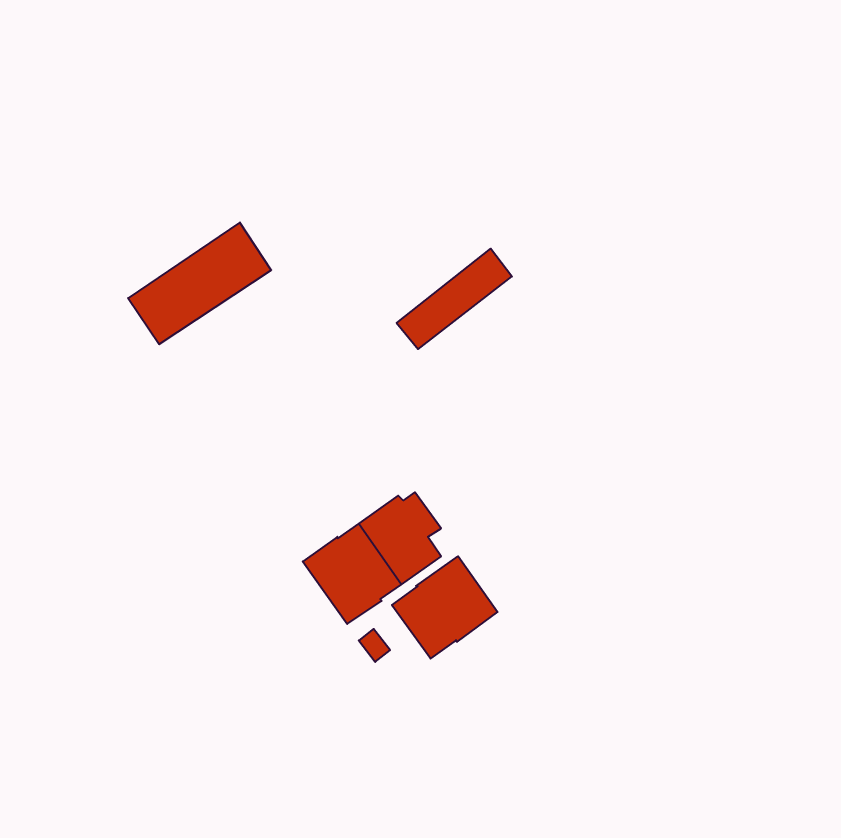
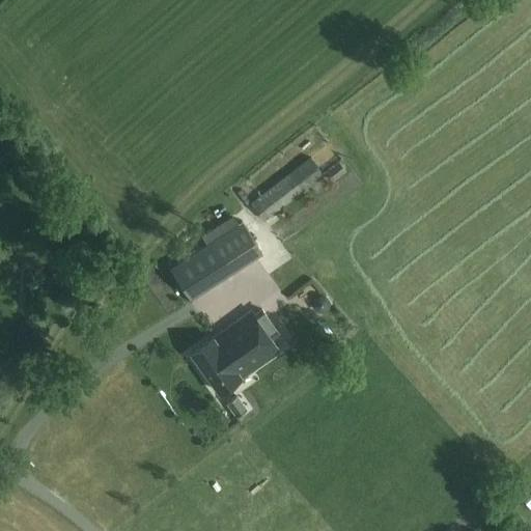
building: [128,222,271,344] -> [171,223,261,300]
building: [392,556,498,659] -> none

